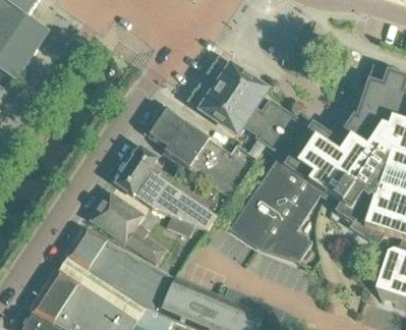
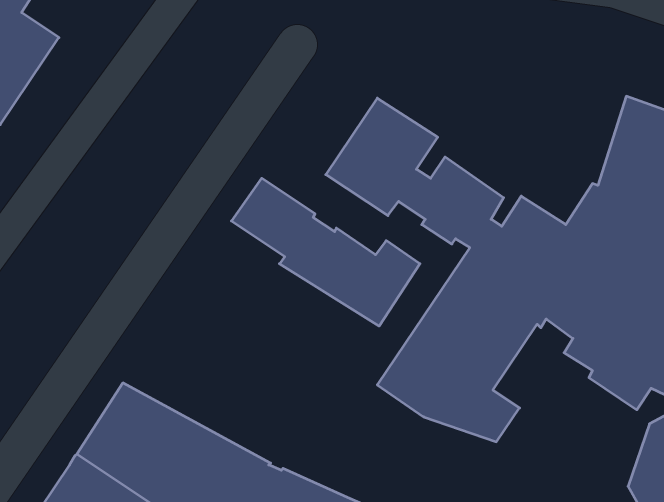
building: [115,148,217,235] -> none
building: [91,191,164,263] -> none

